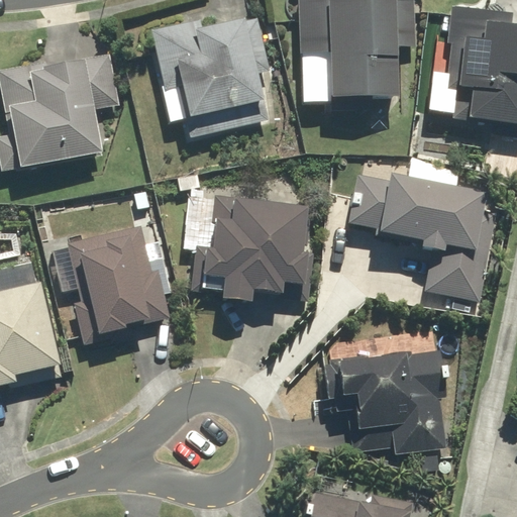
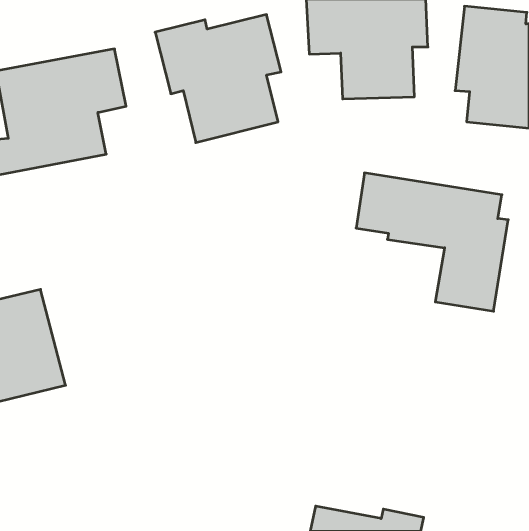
building: [188,195,311,301] -> none
building: [67,225,172,344] -> none
building: [324,348,447,455] -> none

